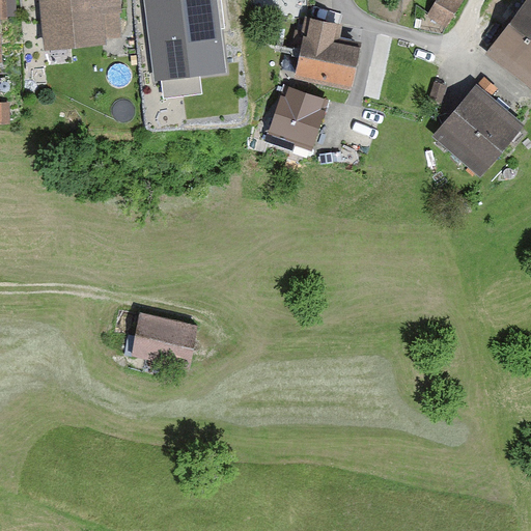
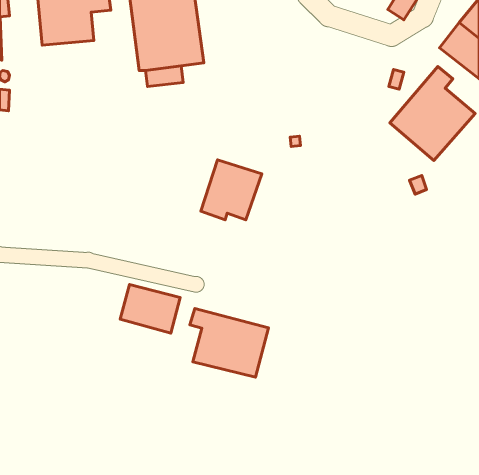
building: [291,17,361,90] -> none
building: [263,83,331,149] -> [201,160,262,220]
building: none -> [190,308,268,377]

